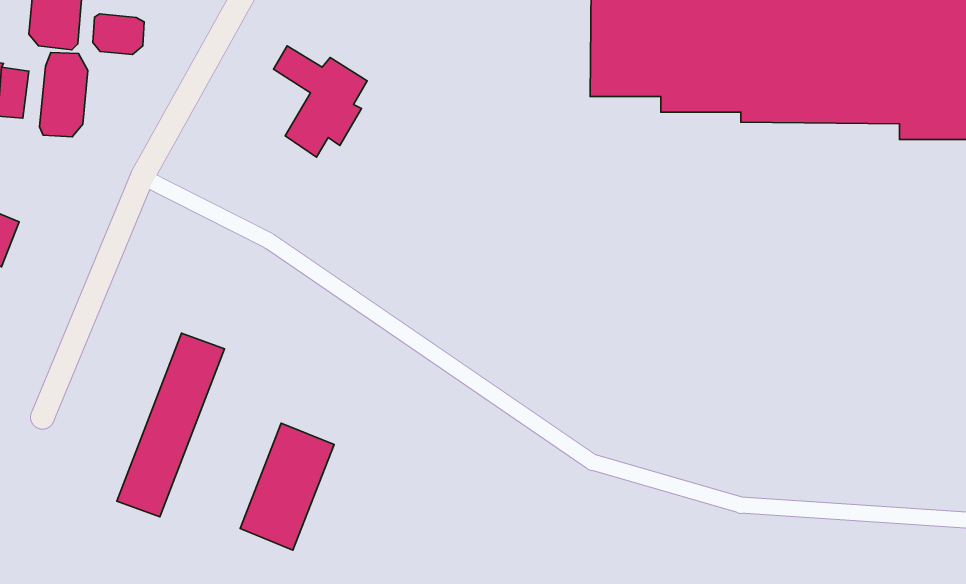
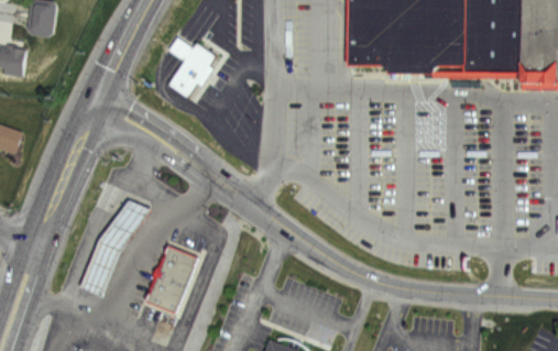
building: [93,14,144,54] -> none
building: [39,52,88,137] -> none

